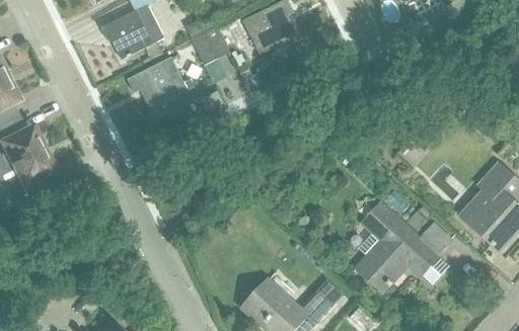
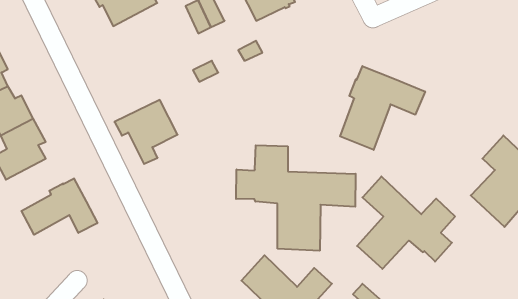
building: [128,57,189,118] -> [114,100,178,164]
building: none -> [340,66,425,150]
building: none -> [236,145,356,251]
building: none -> [21,178,97,235]

